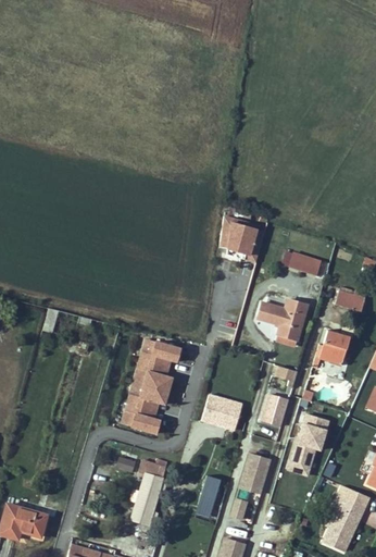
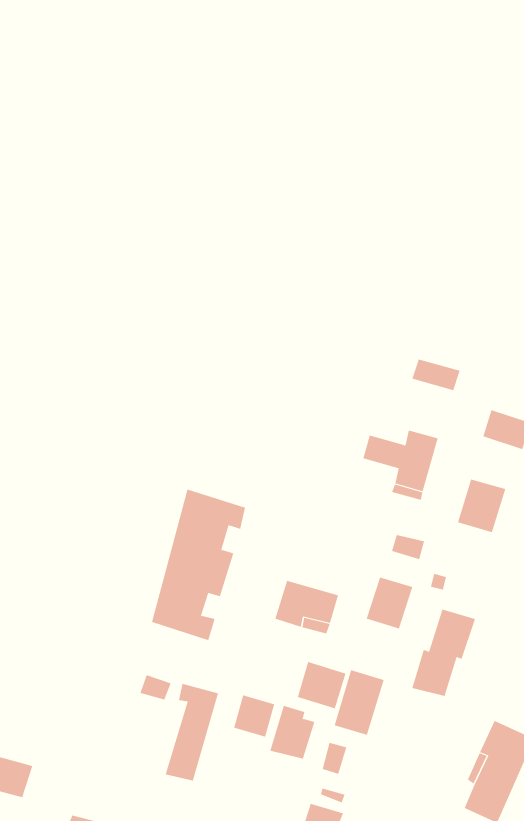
building: [220,219,264,263] -> none
building: none -> [297,661,346,709]
building: none -> [234,695,275,737]

